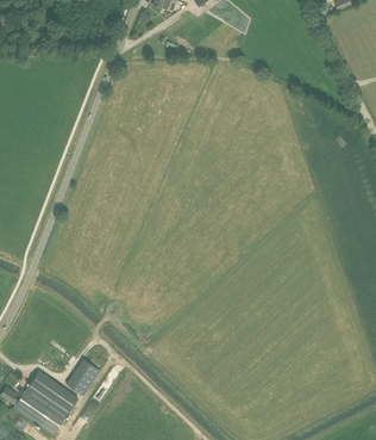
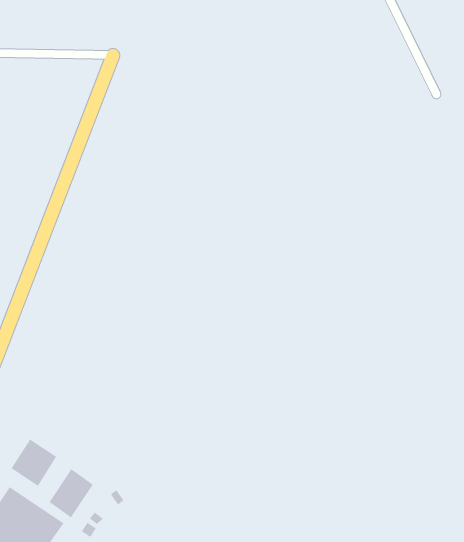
building: none -> [11,438,57,487]

